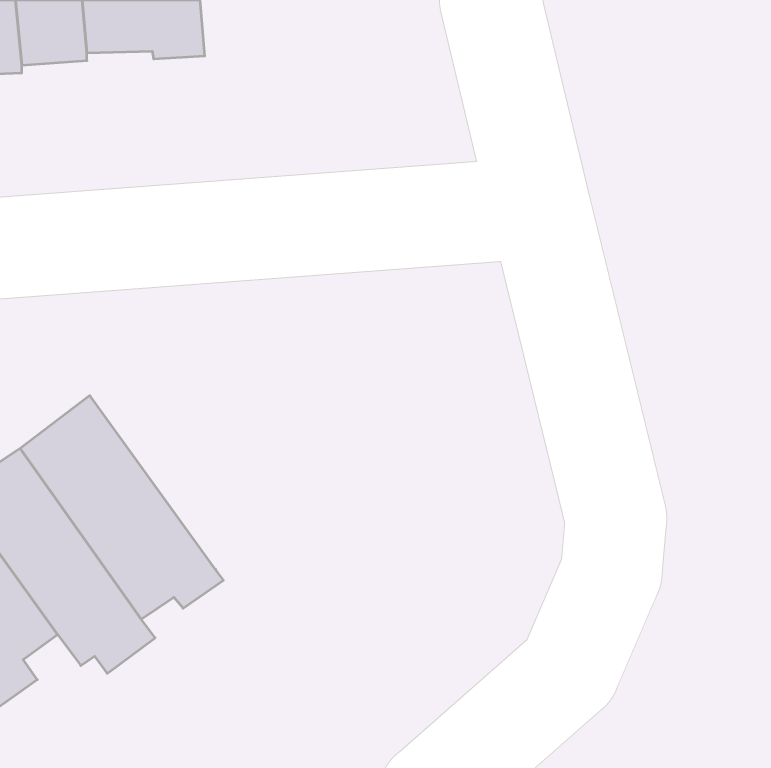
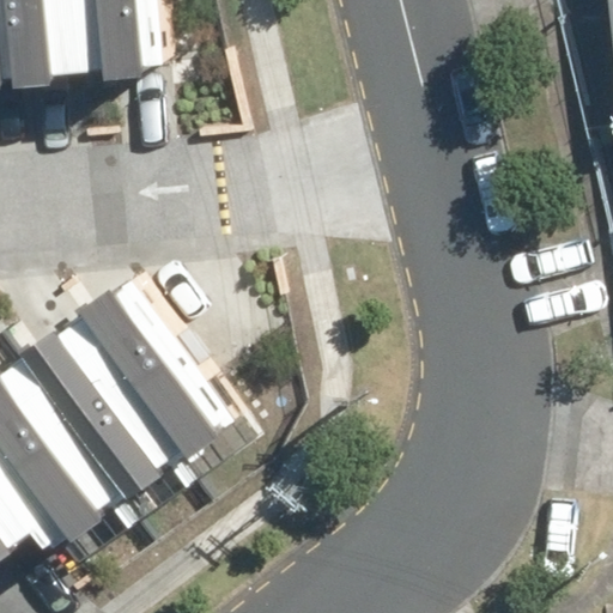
building: none -> [69,281,233,459]

